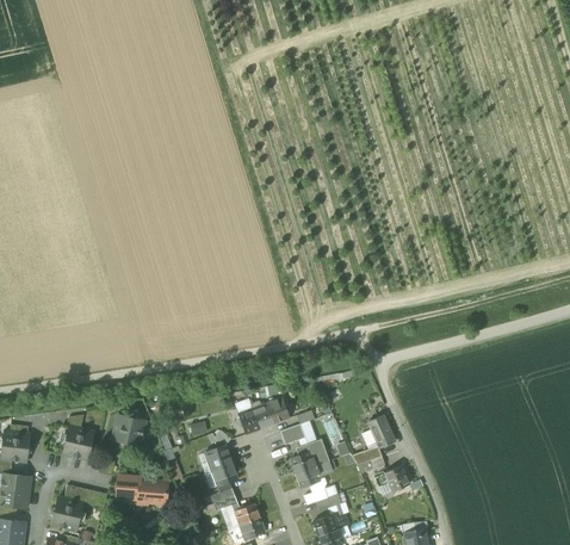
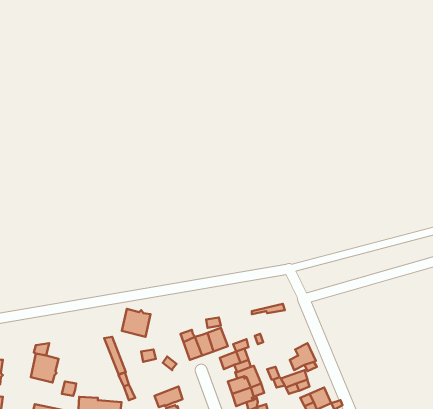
building: [112,415,145,447] -> [122,309,151,337]
building: [202,448,233,476] -> none

